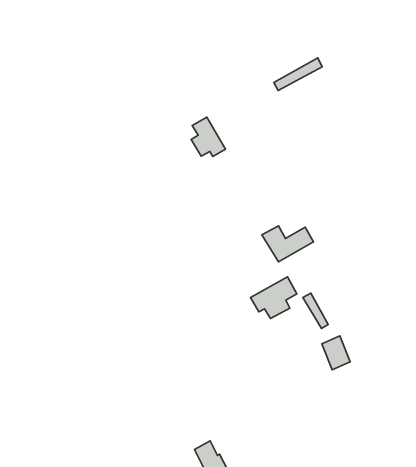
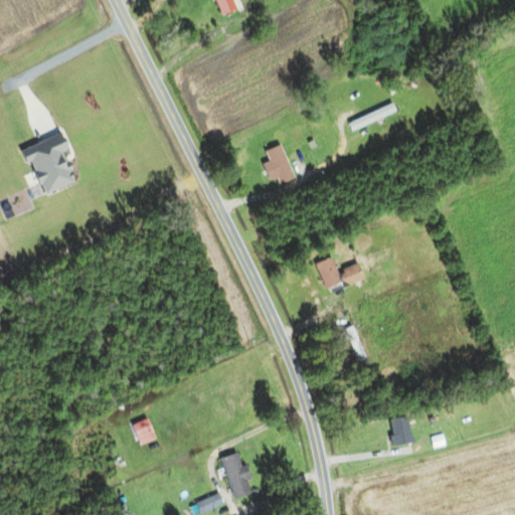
building: [251,277,297,319] -> none
building: [322,336,350,370] -> [389,415,413,447]
building: none -> [133,417,156,445]

